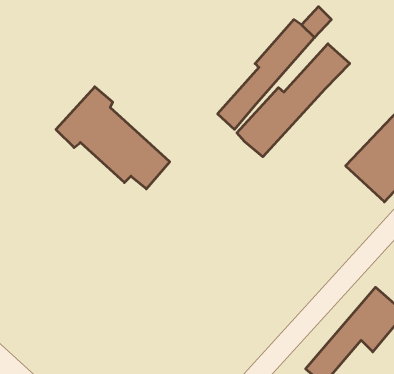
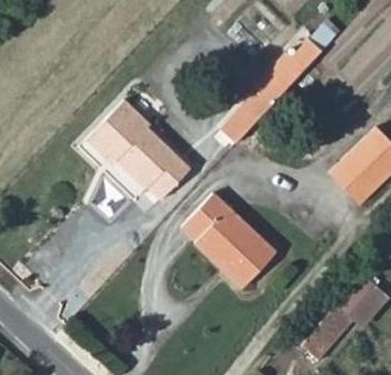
building: [237,44,350,157] -> none
building: none -> [187,196,275,287]

